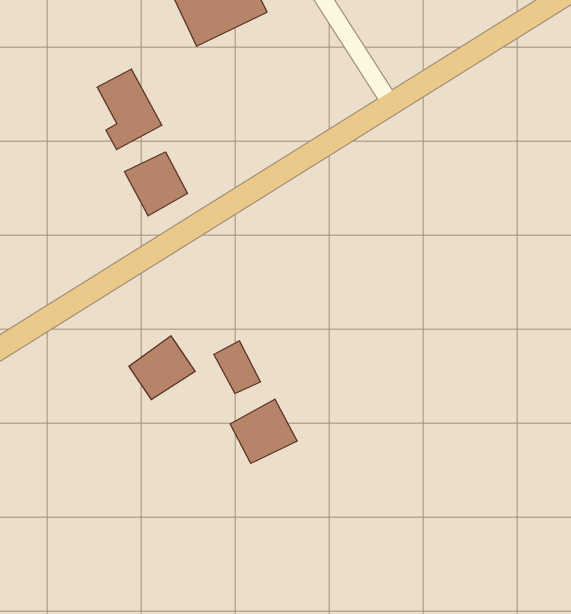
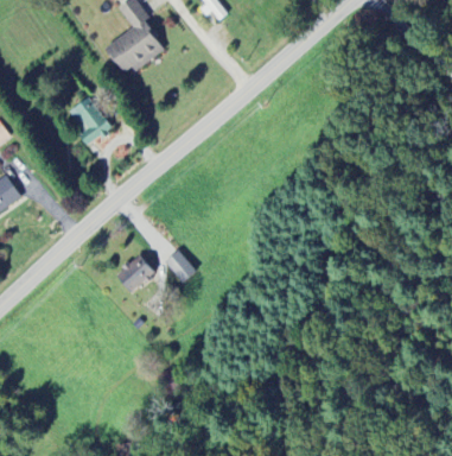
building: [124,152,188,216] -> none
building: [230,399,297,463] -> none

